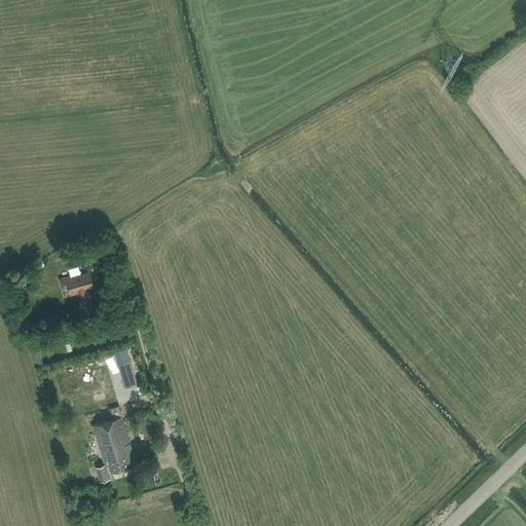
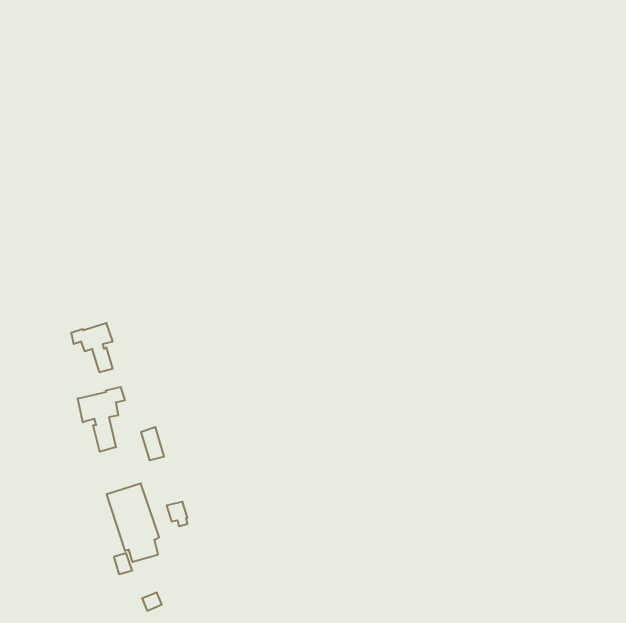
building: none -> [78,387,125,452]

